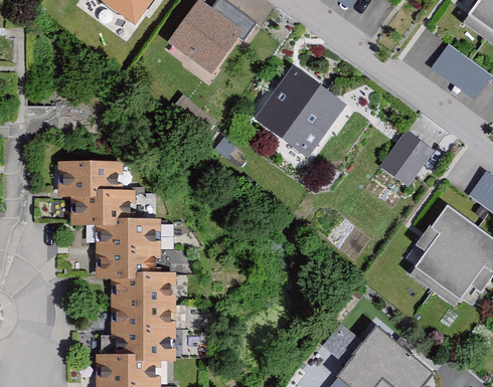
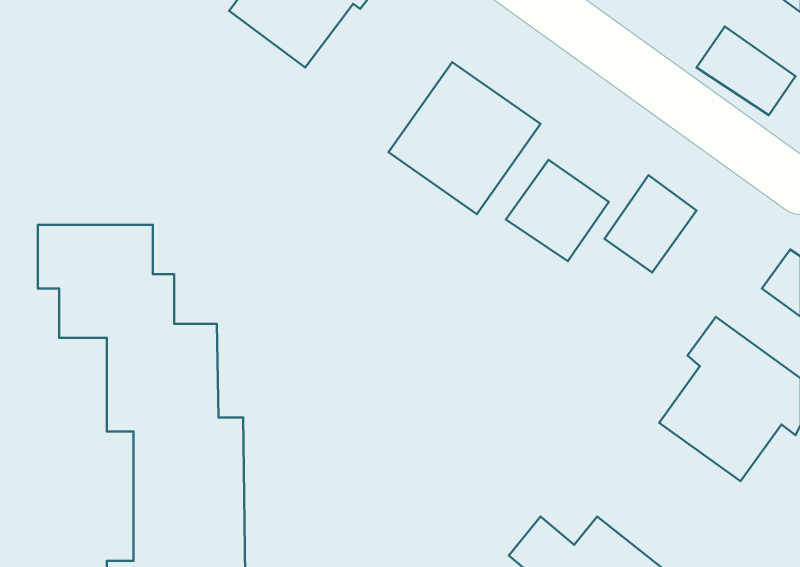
building: none -> [506,160,609,261]

